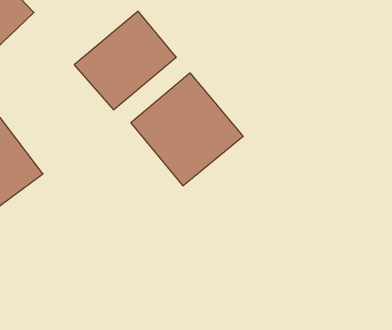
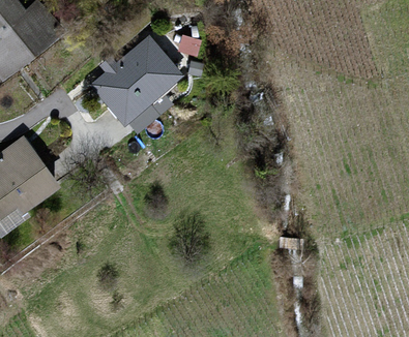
building: [131,73,243,186] -> none

